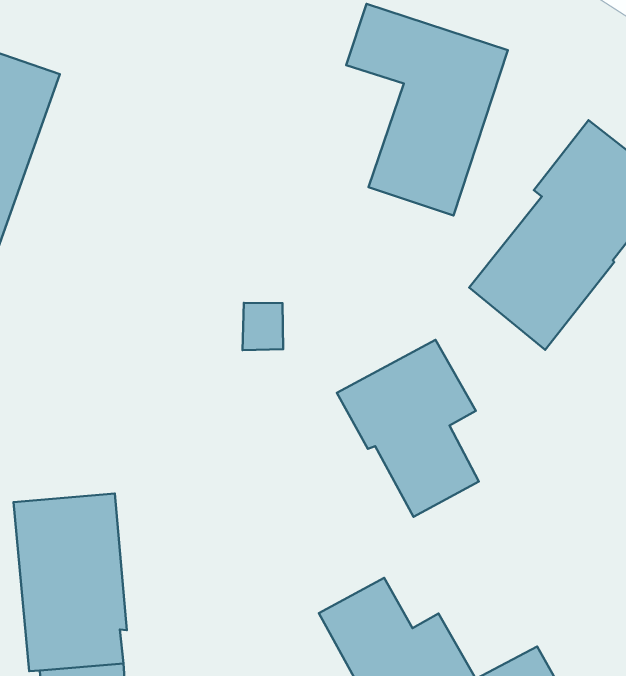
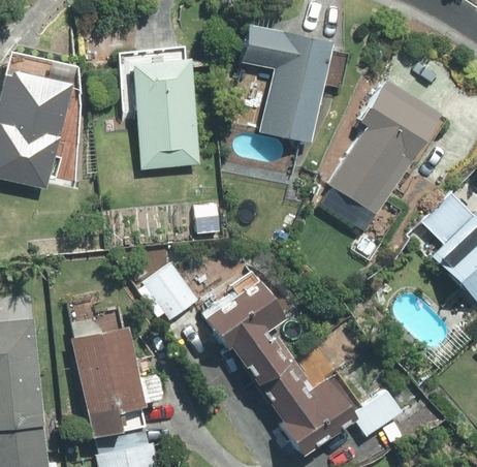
building: none -> [130,57,200,169]
building: [337,340,479,517] -> [203,278,292,383]
building: none -> [144,263,197,320]

